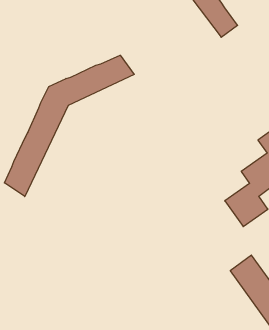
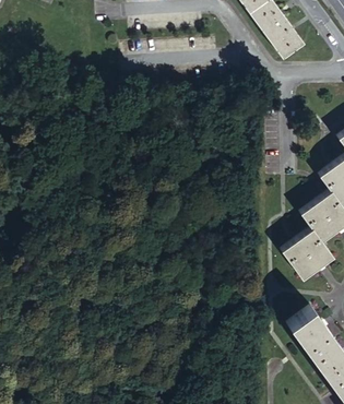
building: [4,55,134,197] -> none

